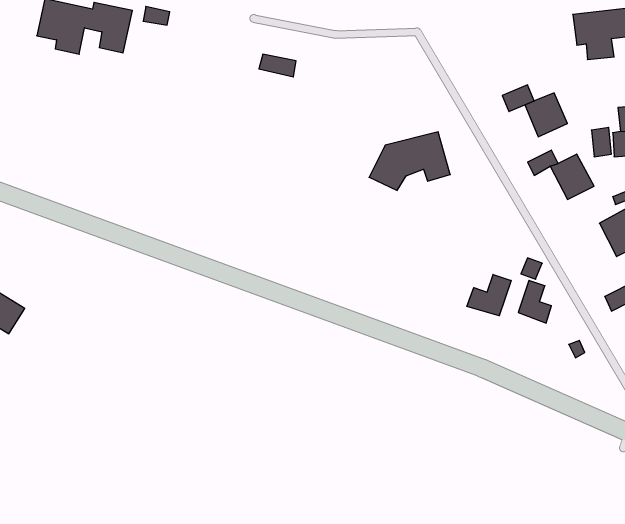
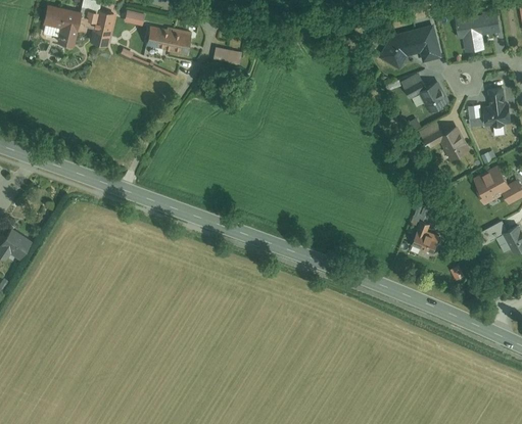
building: none -> [146,28,190,55]
building: [369,132,450,190] -> [379,22,441,67]
building: [467,274,511,316] -> none

